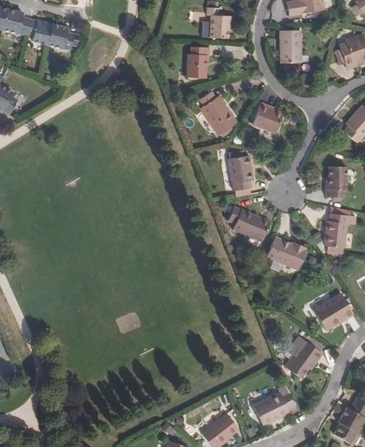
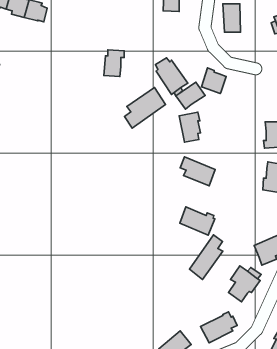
building: [186,46,210,77] -> [104,50,124,76]
building: none -> [176,82,205,109]
building: none -> [125,88,165,128]
building: [267,237,308,270] -> [180,207,215,235]
building: none -> [189,235,223,279]

